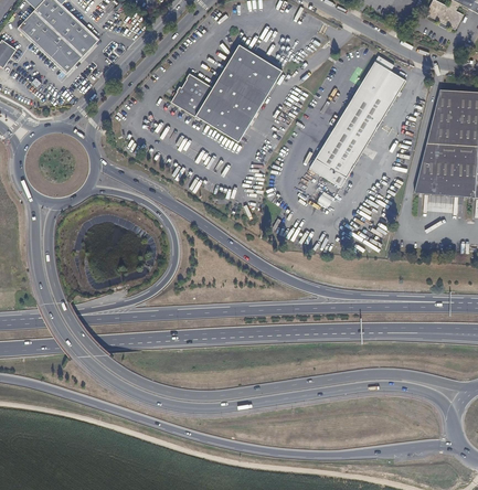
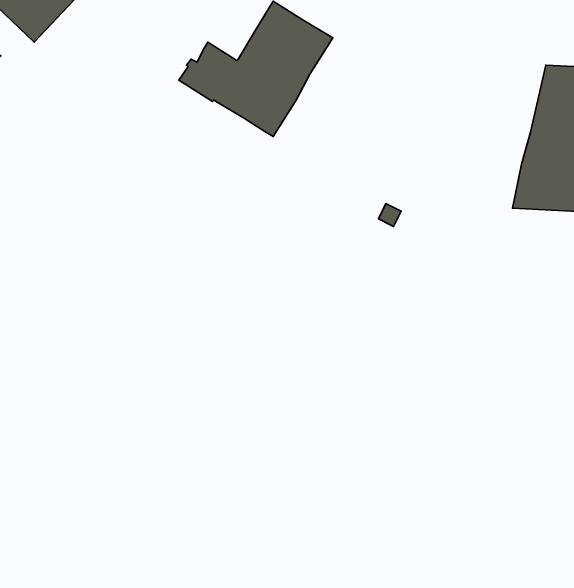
building: [307,56,404,190] -> none

